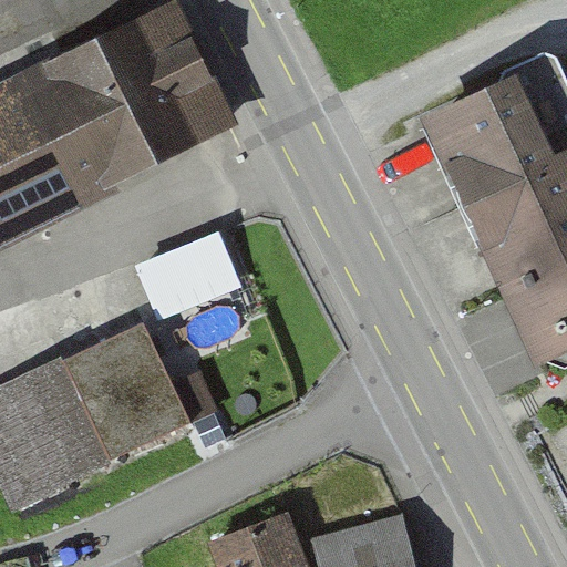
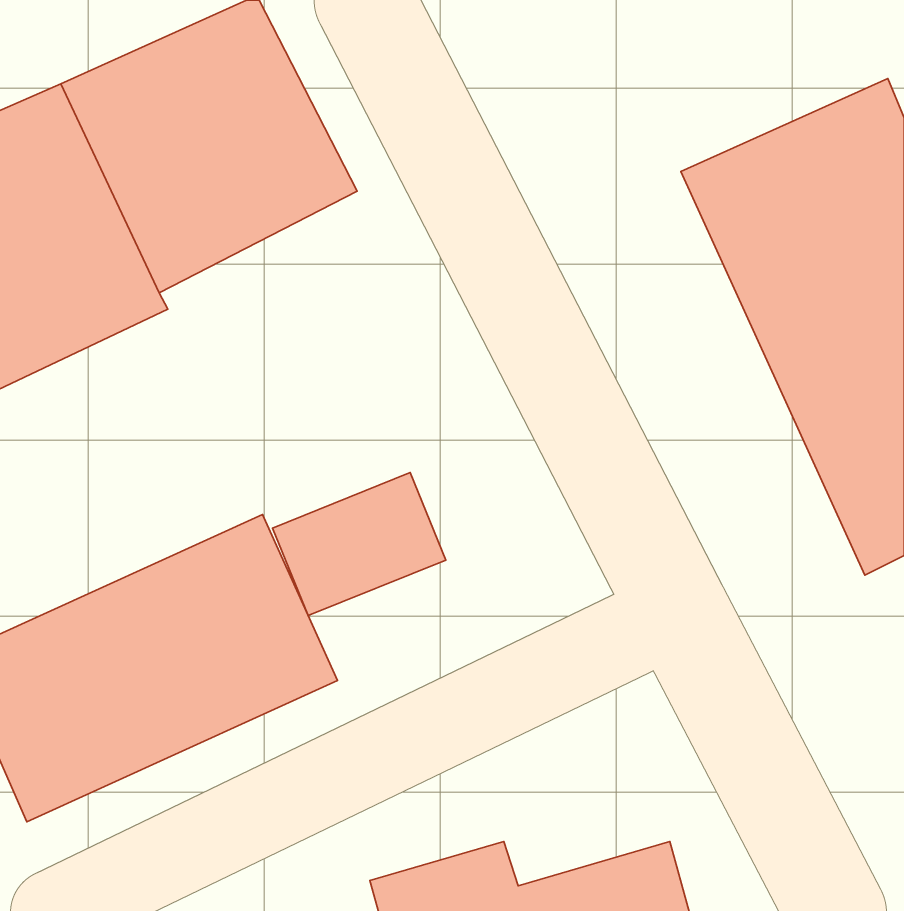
building: [135,234,243,322] -> [273,473,446,616]

